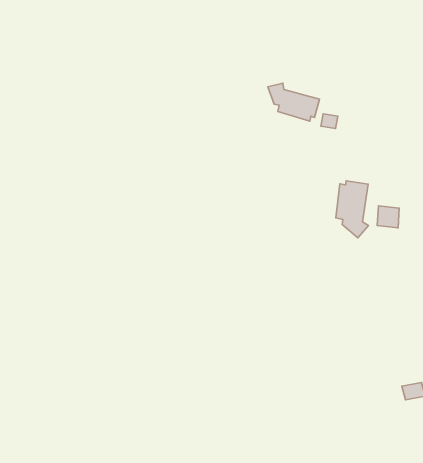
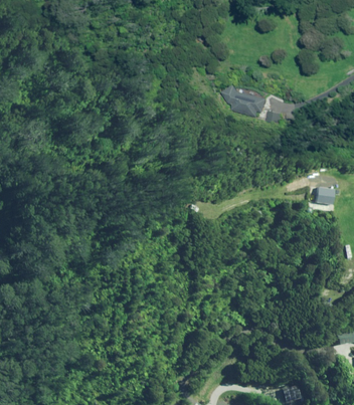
building: [336,181,368,238] -> none

